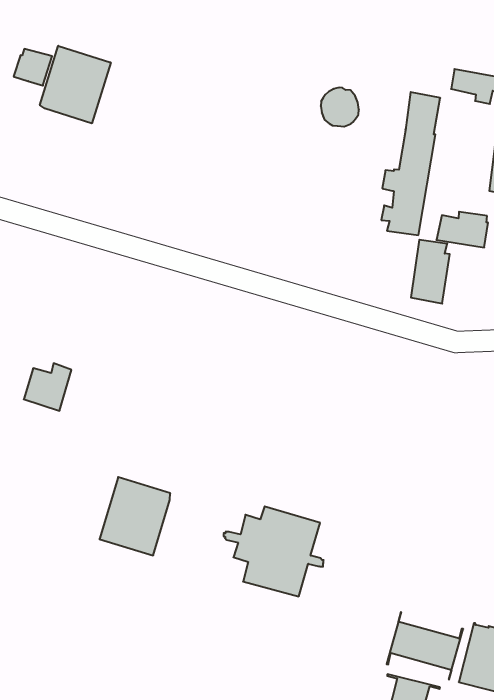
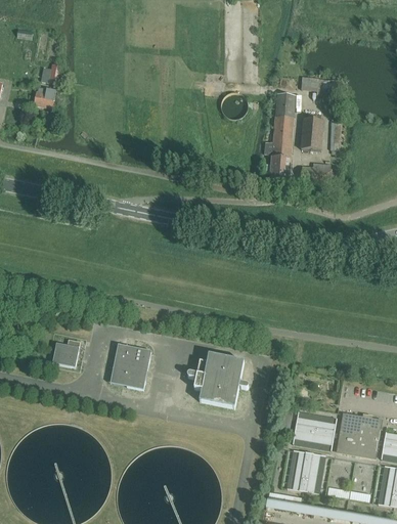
building: [40,46,111,123] -> none
building: [411,240,450,304] -> [301,112,322,149]
building: [24,363,71,411] -> [52,337,80,365]

